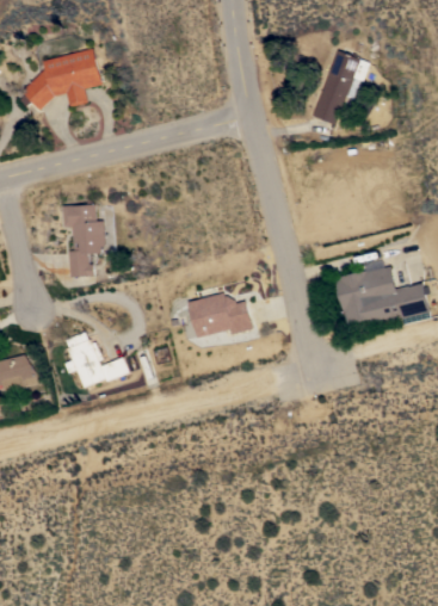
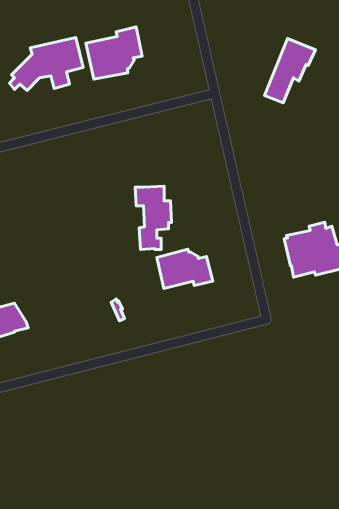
building: none -> [86,27,142,79]
building: [62,204,104,277] -> [135,186,171,250]
building: [63,332,128,388] -> none

